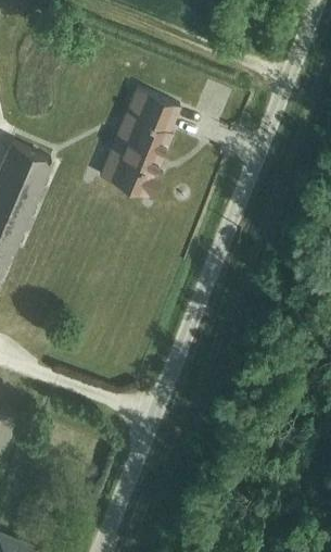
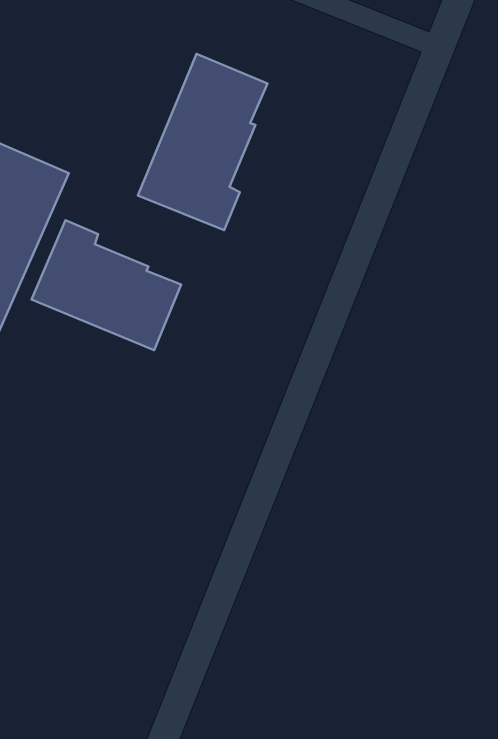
building: none -> [32,220,181,350]

